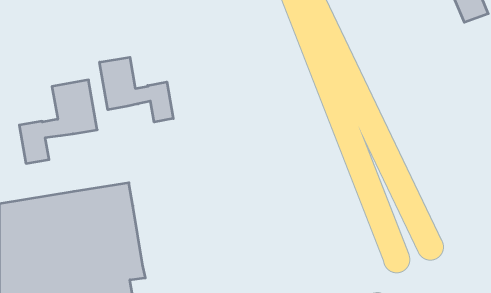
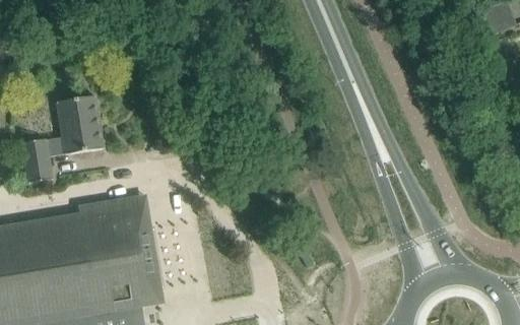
building: [100,57,173,122] -> none

